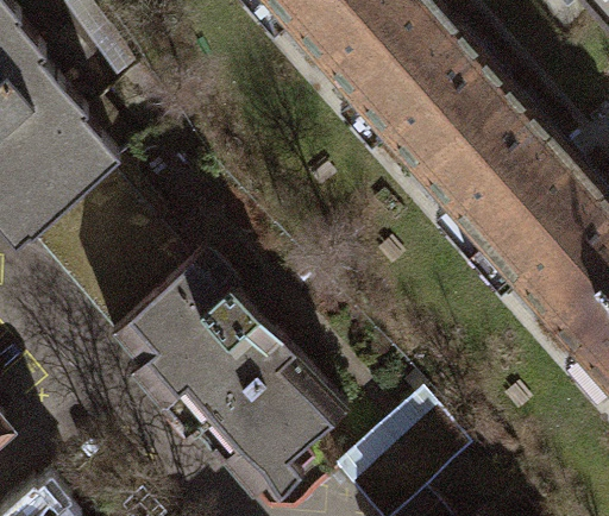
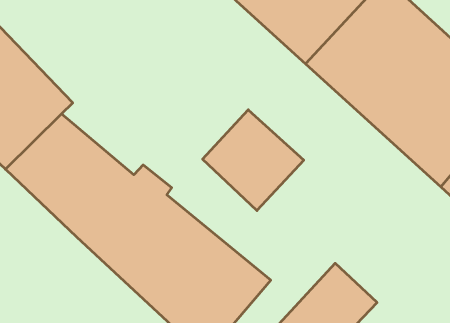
building: none -> [203,110,304,211]

